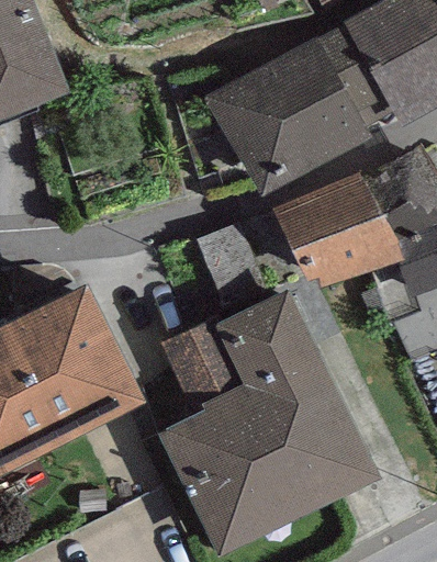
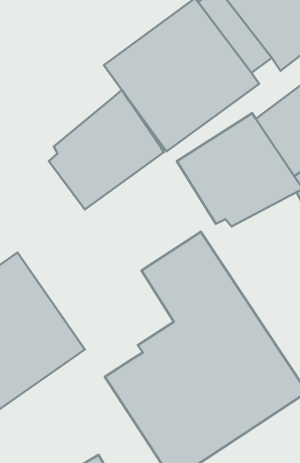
building: none -> [49,90,164,210]
building: [158,317,244,417] -> none

